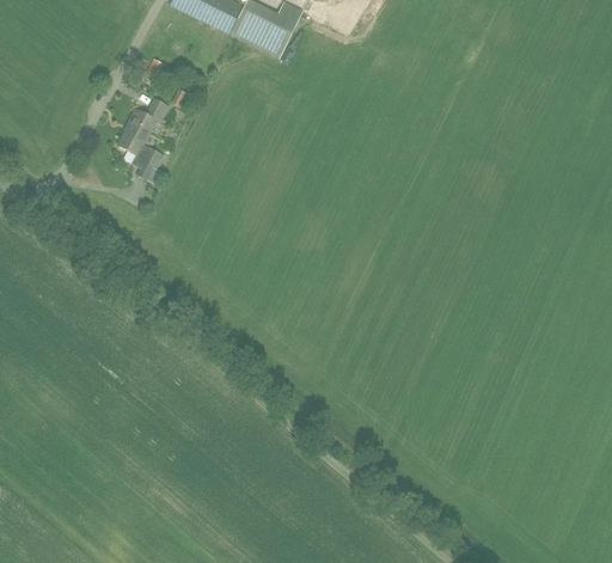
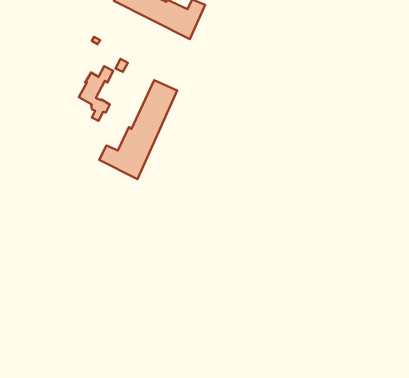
building: none -> [99,80,177,179]

